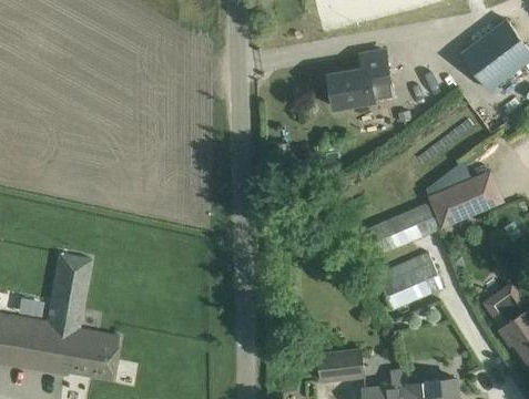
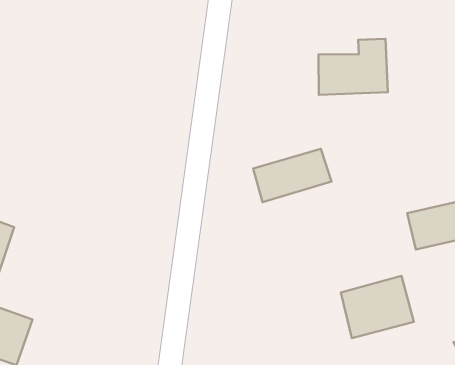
building: [366,202,435,255] -> [253,149,332,202]

